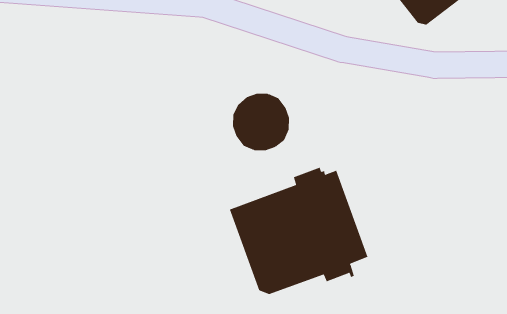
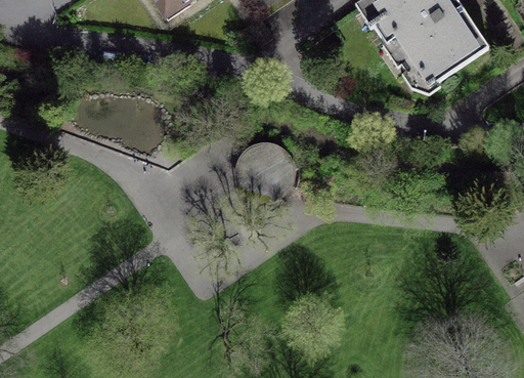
building: [229,167,368,295] -> none

